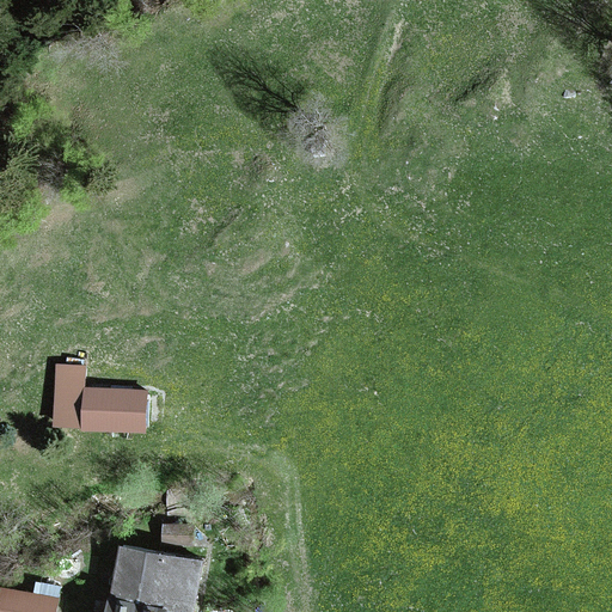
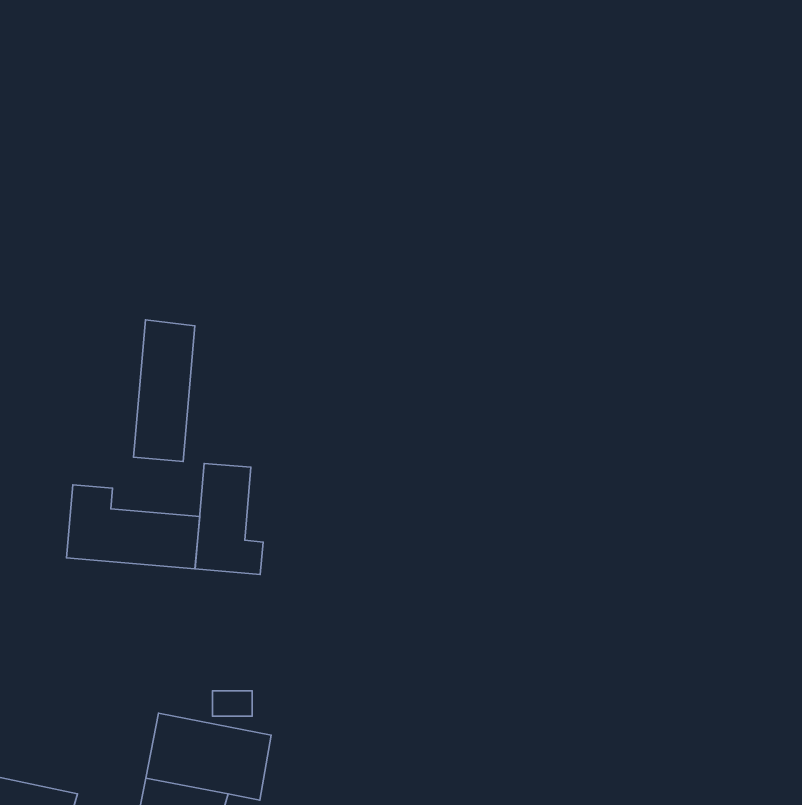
building: none -> [134,320,195,462]
building: none -> [195,463,263,575]

